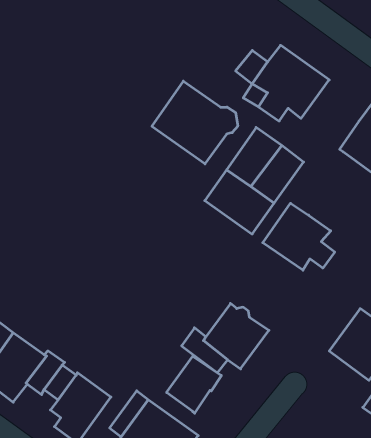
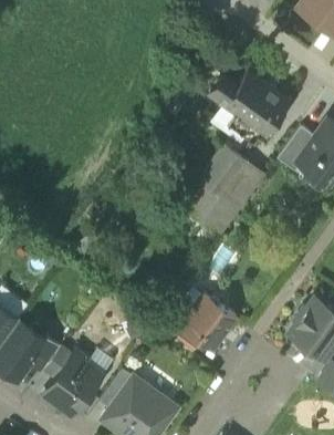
building: [152,81,238,164] -> none
building: none -> [278,126,315,170]
building: [263,203,335,270] -> none
building: [167,356,221,413] -> none

